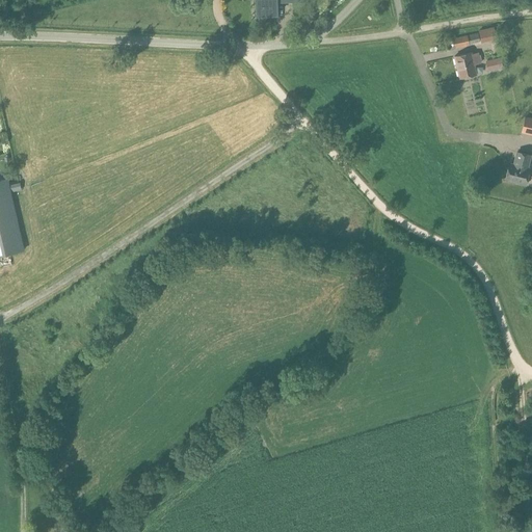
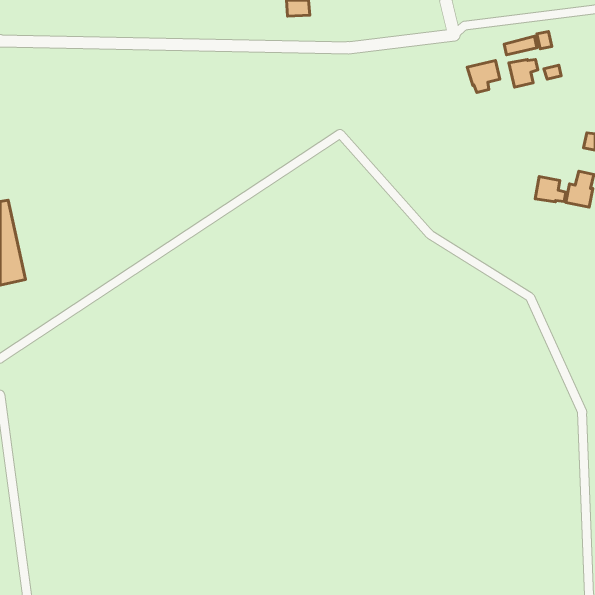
building: none -> [467,61,500,93]
building: none -> [535,176,566,202]

